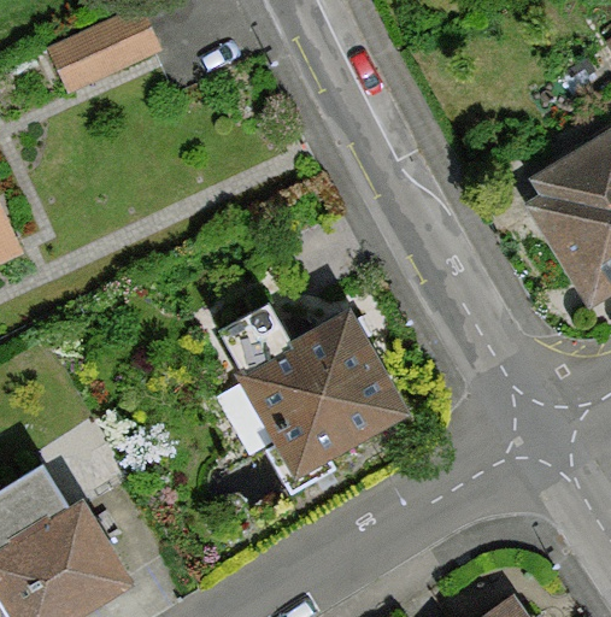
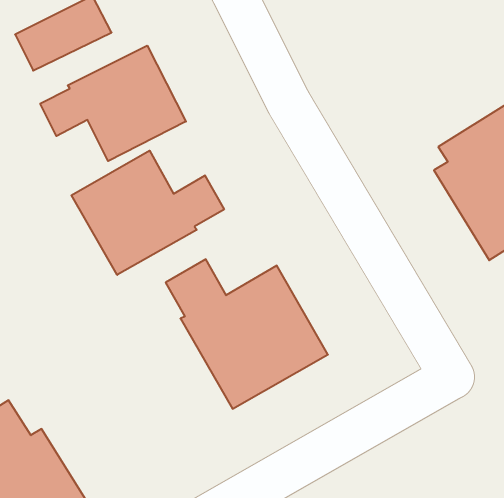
building: none -> [40,46,186,161]
building: none -> [71,151,224,275]

